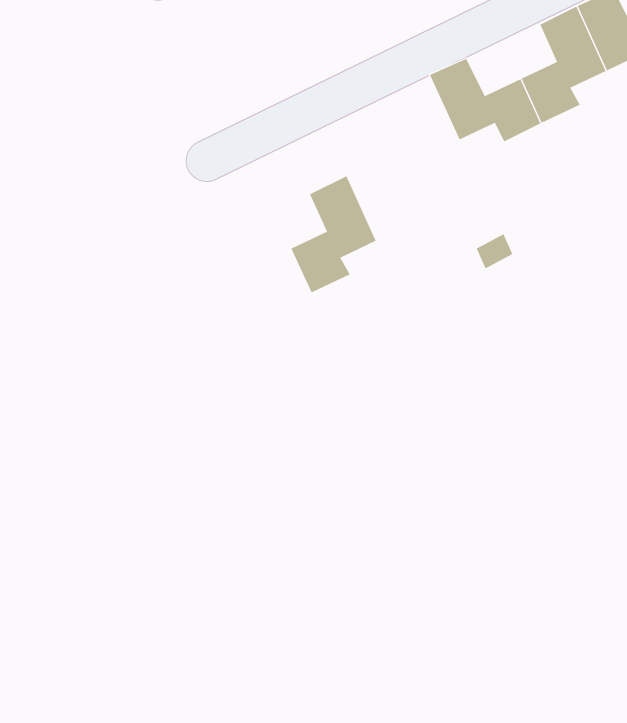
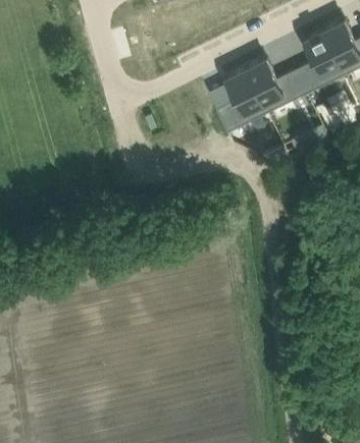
building: [291,176,377,293] -> [216,66,263,130]

